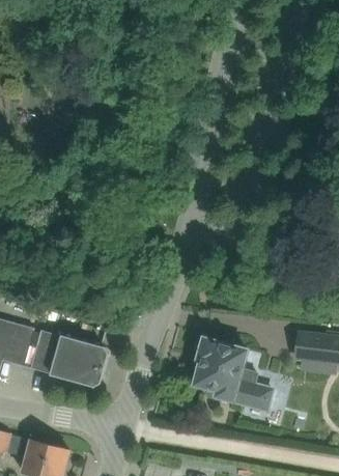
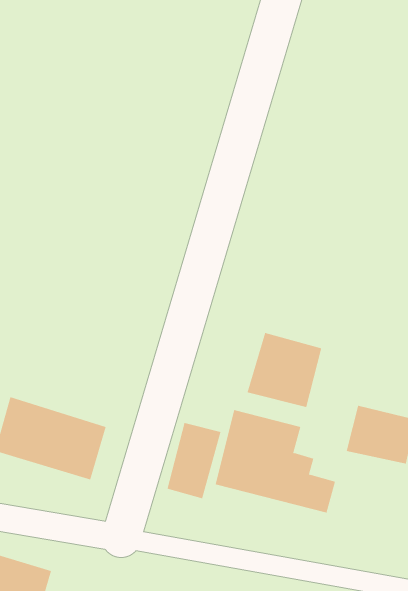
building: none -> [247,332,322,408]
building: none -> [167,422,221,499]

